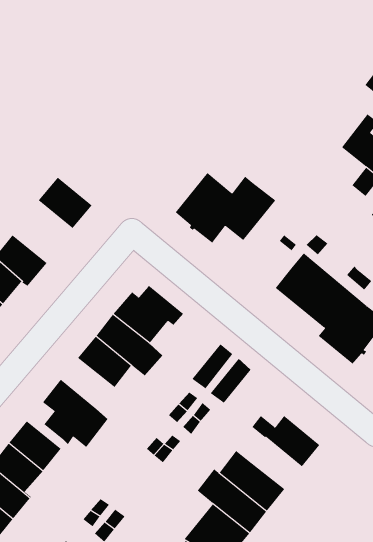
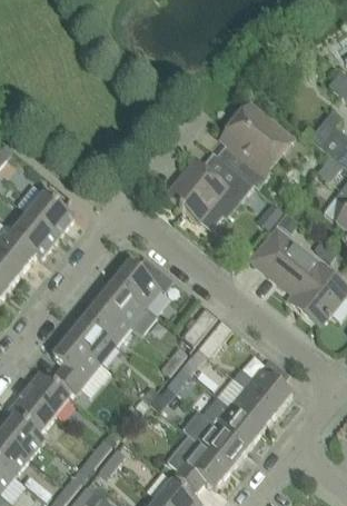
building: none -> [220,103,294,188]
building: [38,177,92,229] -> [27,192,73,237]
building: none -> [68,318,115,361]
building: none -> [228,386,275,430]

